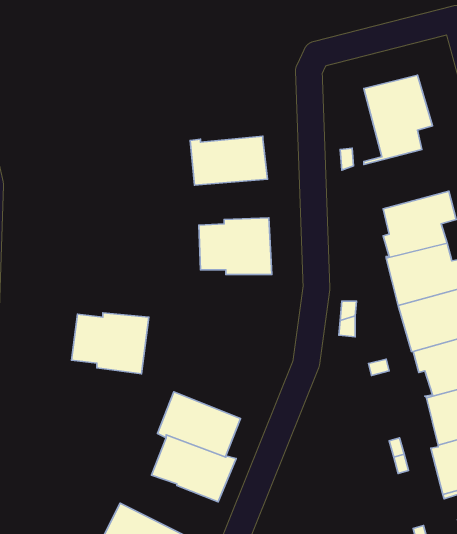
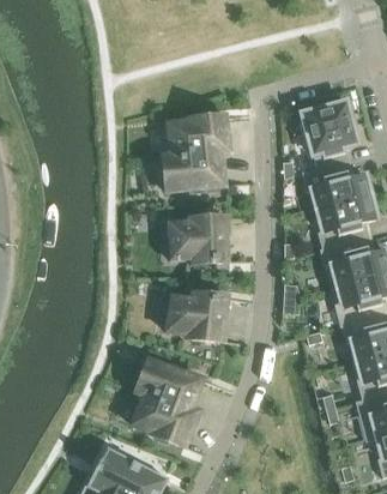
building: none -> [168,114,229,155]
building: none -> [302,161,370,209]
building: [72,313,149,374] -> [165,291,228,341]

